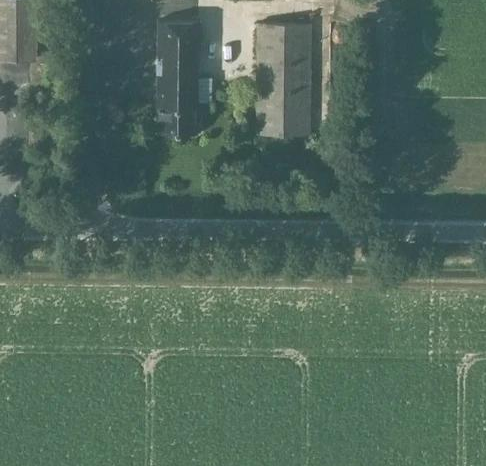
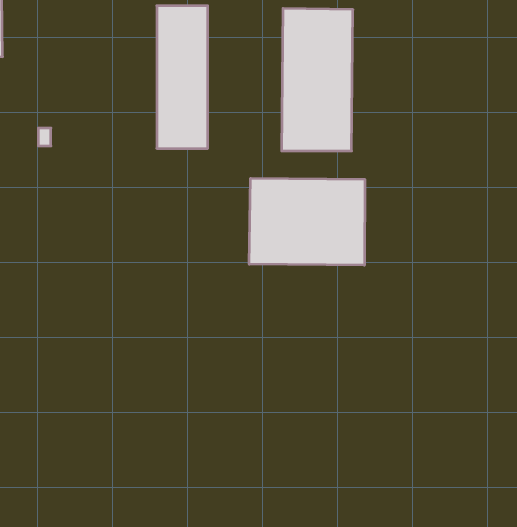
building: none -> [249,178,365,265]

